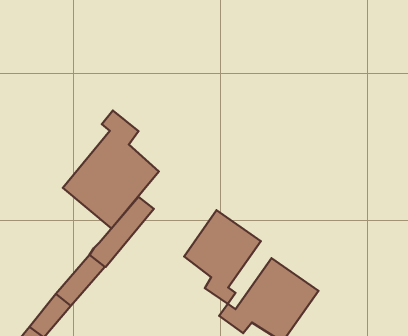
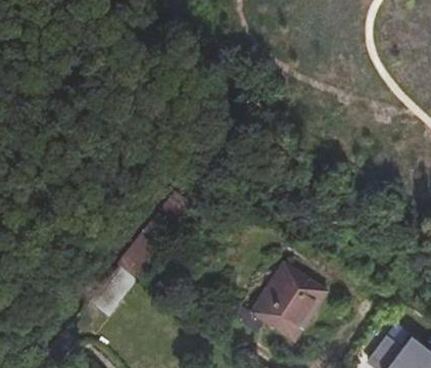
building: [63,111,159,228] -> none
building: [184,210,261,304] -> none

